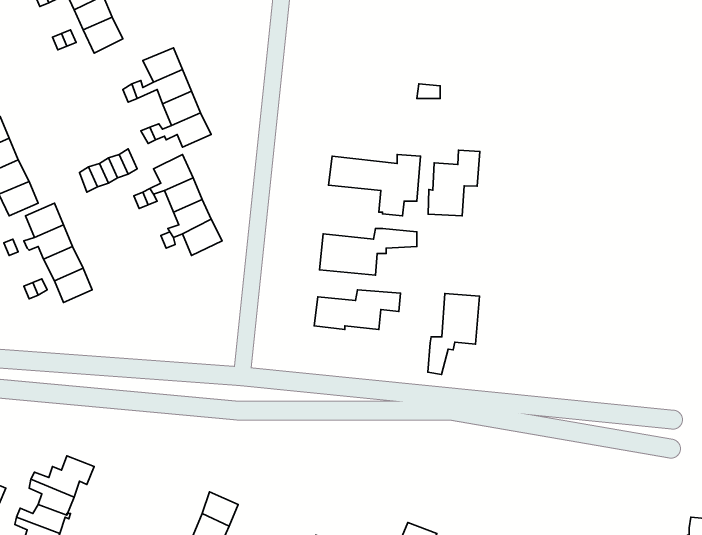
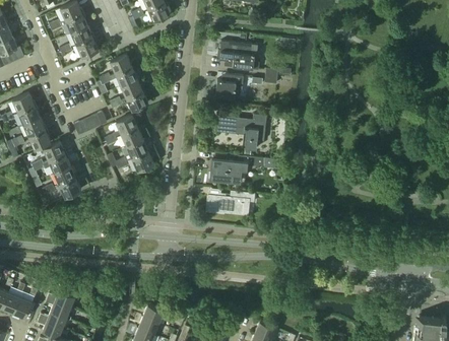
building: none -> [217,42,259,70]
building: none -> [215,75,243,98]
building: [428,150,480,216] -> none
building: [428,293,479,375] -> none

